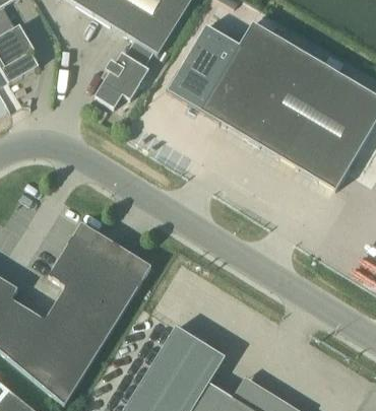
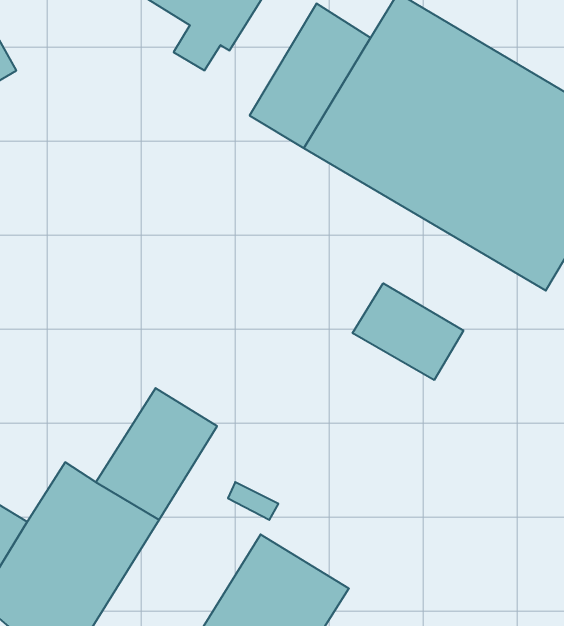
building: [93,51,148,107] -> none
building: none -> [353,283,463,380]
building: [48,221,116,296] -> none

